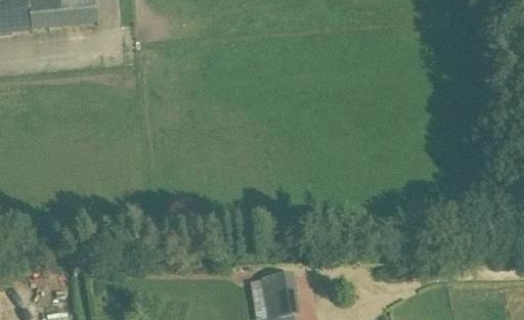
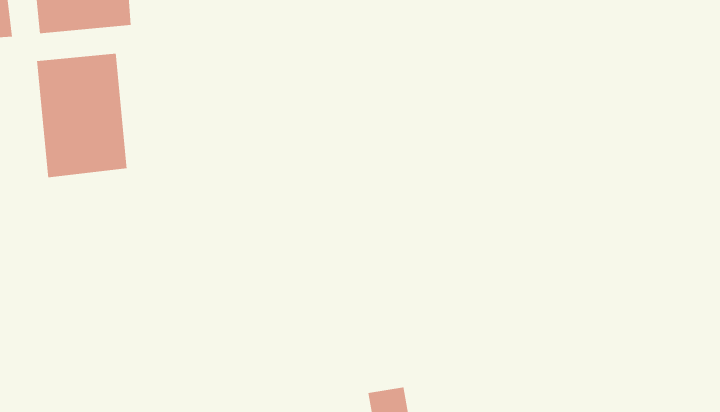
building: none -> [37,53,127,178]

